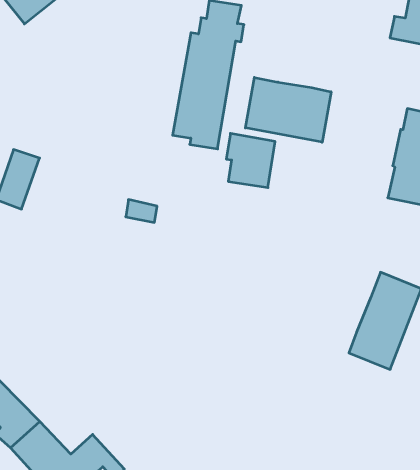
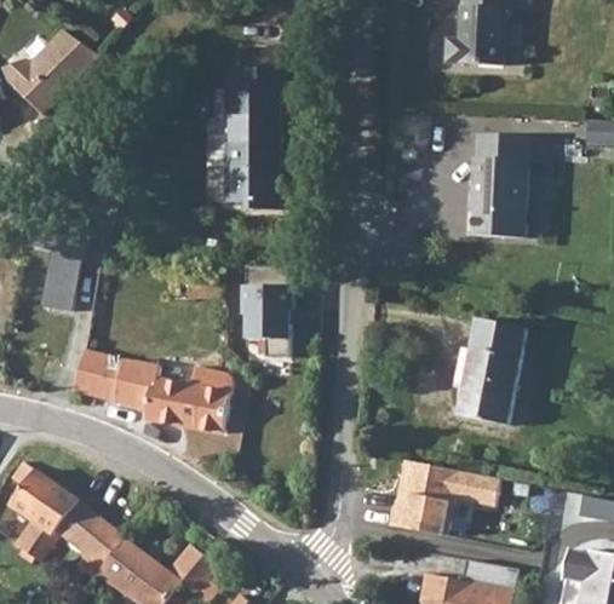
building: [245,77,331,142] -> none
building: [226,133,275,188] -> [237,283,288,336]
building: none -> [75,352,231,436]
building: none -> [389,459,500,534]

